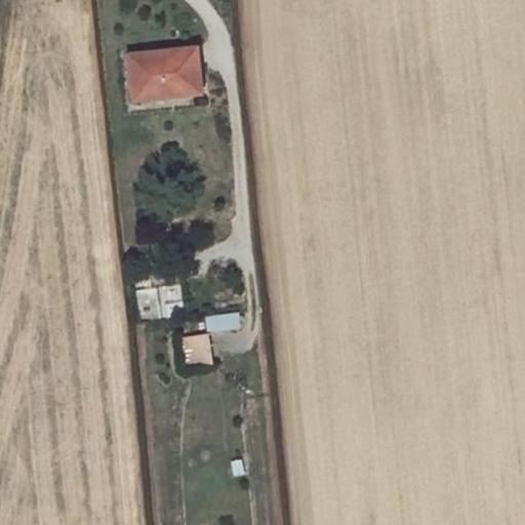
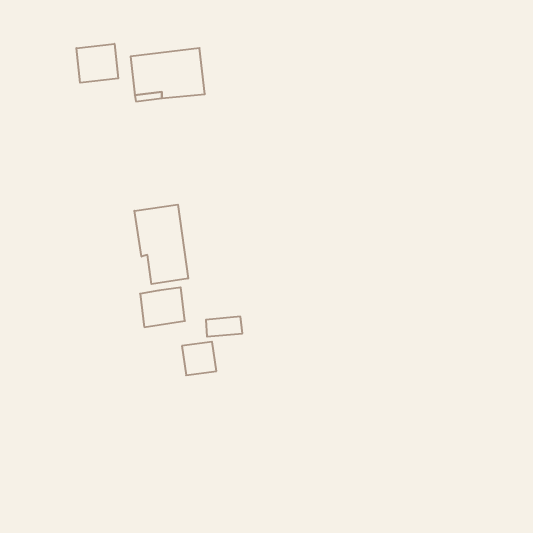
building: none -> [76,44,118,83]
building: none -> [134,205,188,284]

